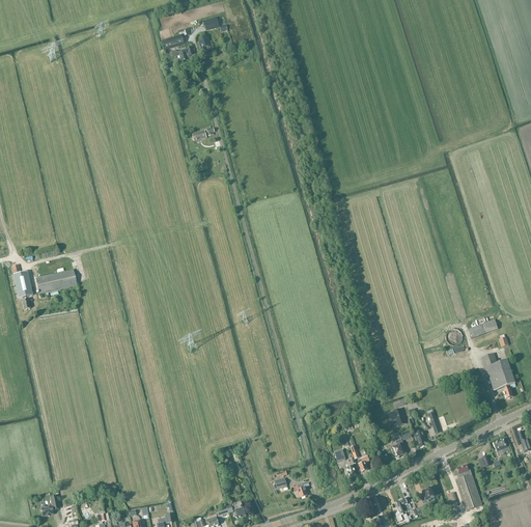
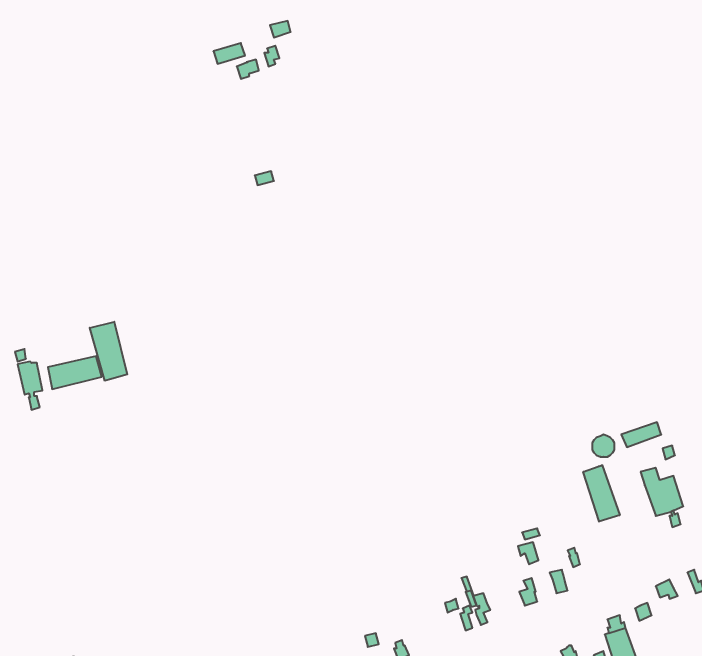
building: none -> [90,322,127,381]
building: none -> [583,465,620,522]

